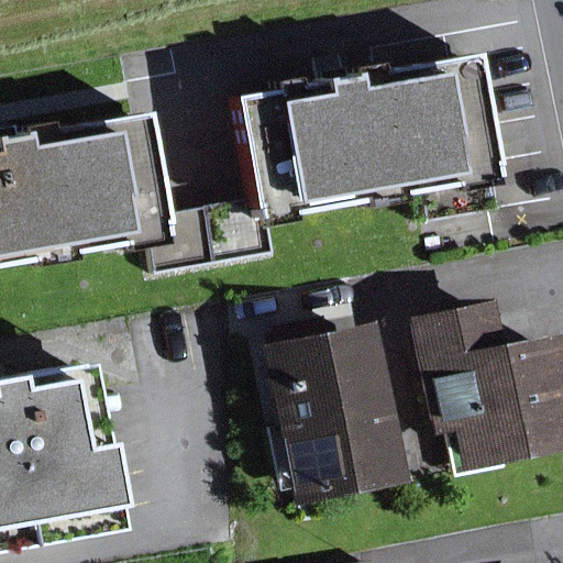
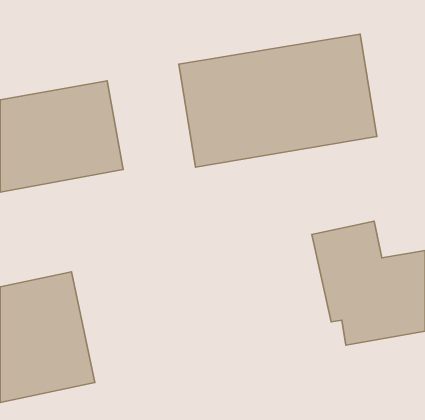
building: [263,313,405,508] -> none

